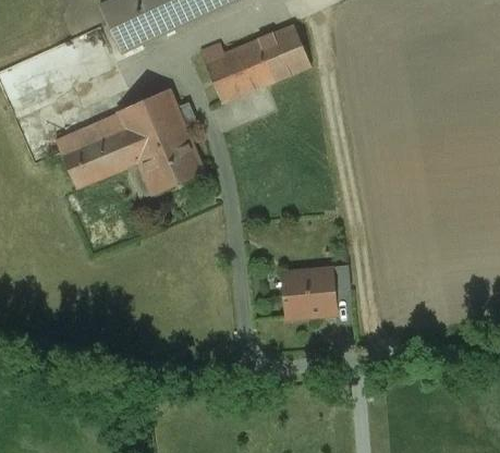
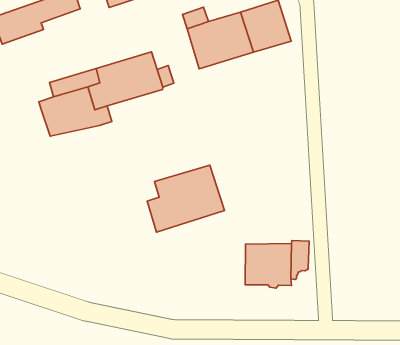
building: [125,127,205,201] -> [147,165,224,232]

